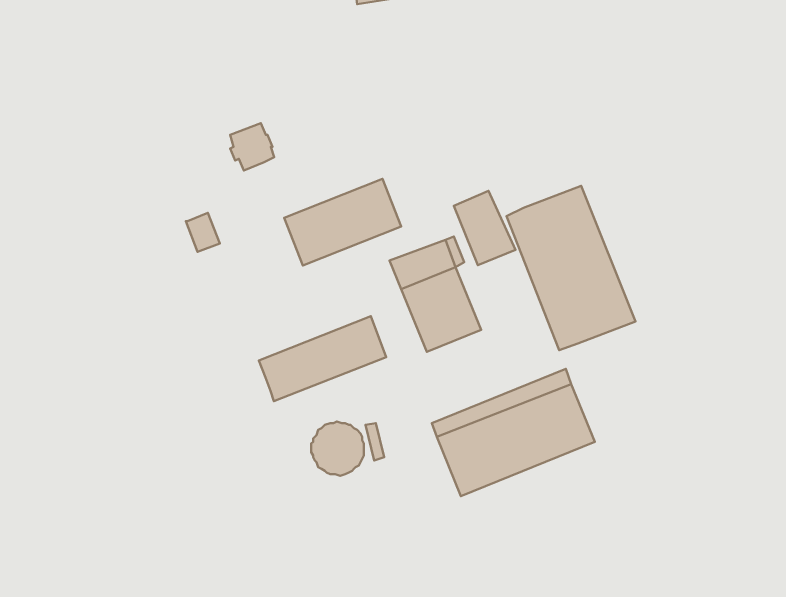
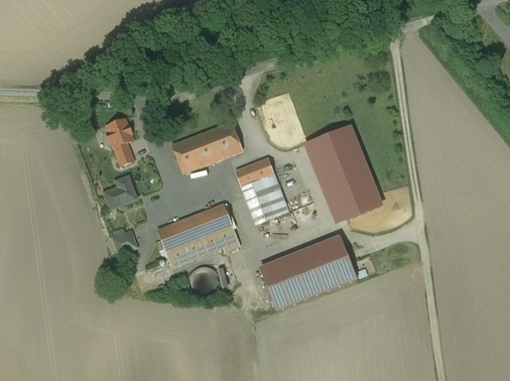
building: [230,123,274,171] -> [107,118,133,146]
building: [454,191,516,265] -> none
building: none -> [105,176,136,208]
building: none -> [166,227,240,266]
building: none -> [114,228,137,252]

